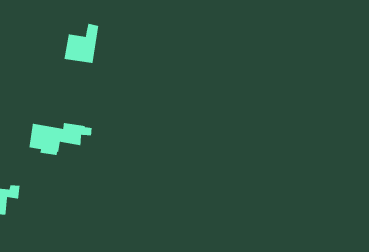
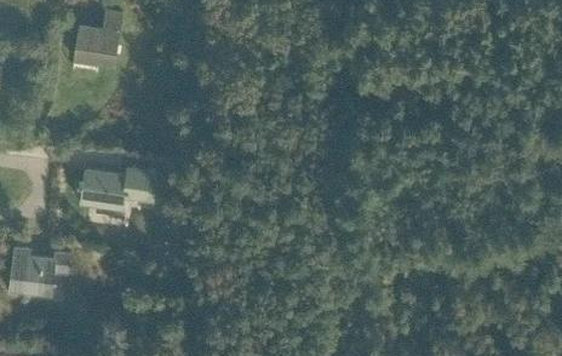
building: [64,23,99,64] -> [73,11,121,67]

